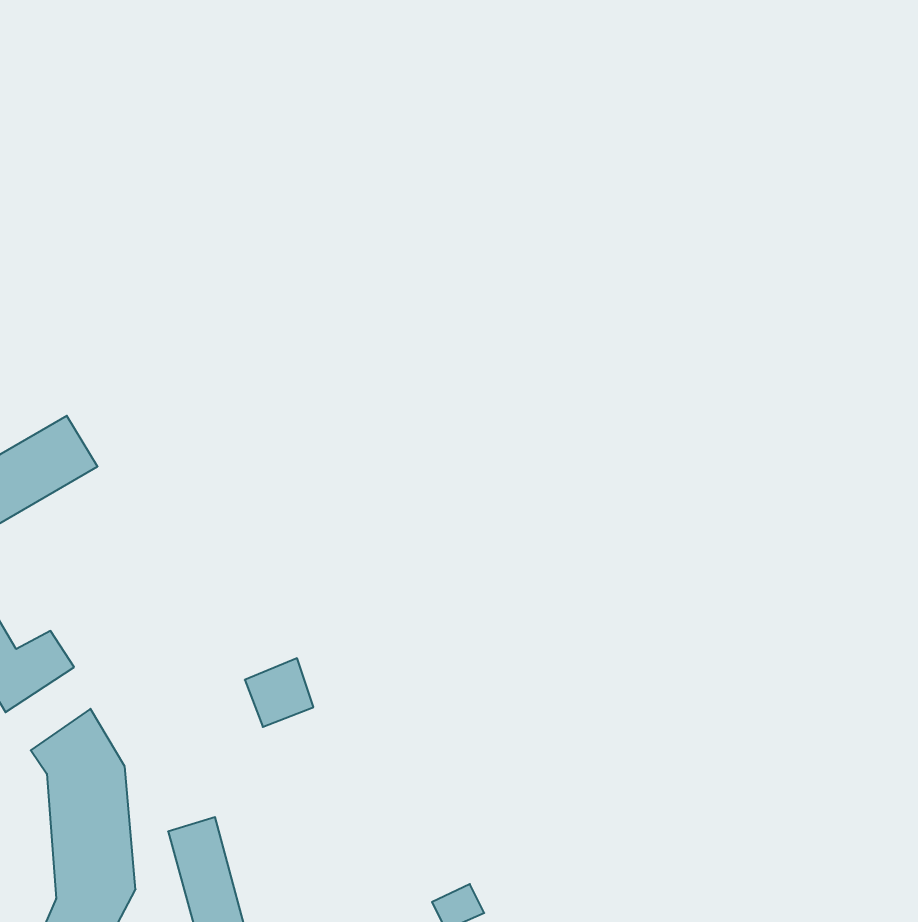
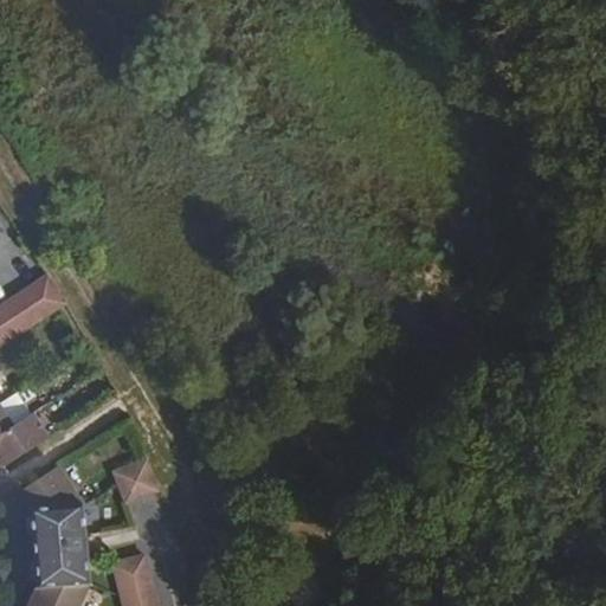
building: [245,658,313,727] -> [111,460,156,505]

